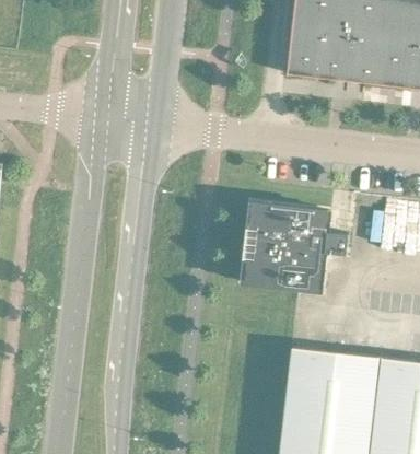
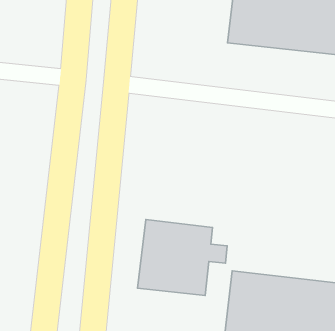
building: [240,202,347,293] -> [137,219,227,295]

